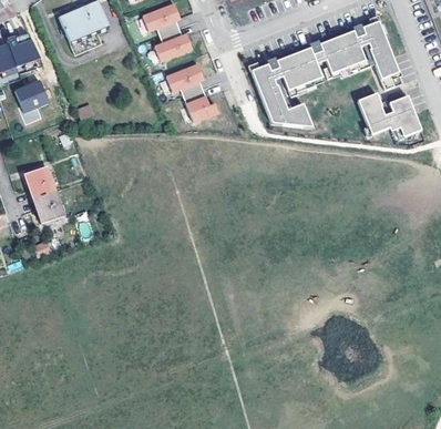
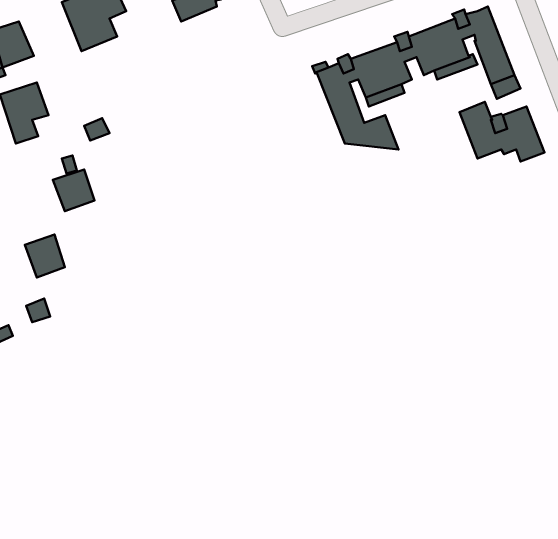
building: [154,35,192,62] -> none
building: [166,64,202,92] -> none
building: [187,95,221,121] -> none
building: [23,166,54,197] -> [53,169,94,211]

